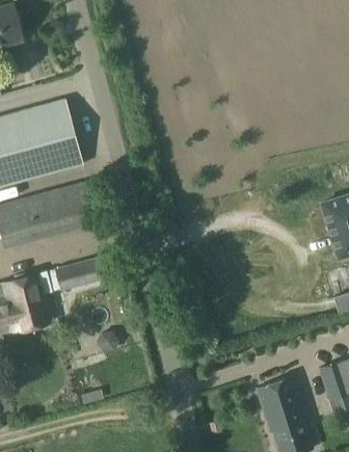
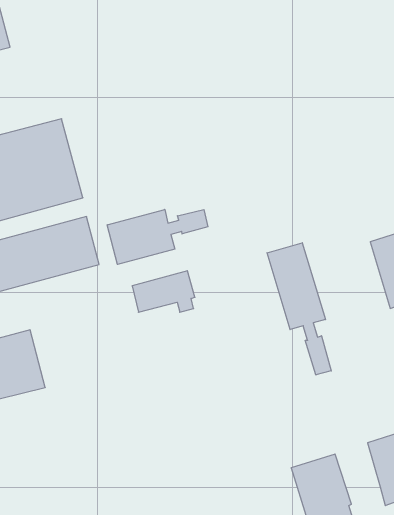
building: none -> [107,209,208,264]
building: none -> [267,243,331,375]
building: [54,257,106,291] -> [132,271,195,312]

